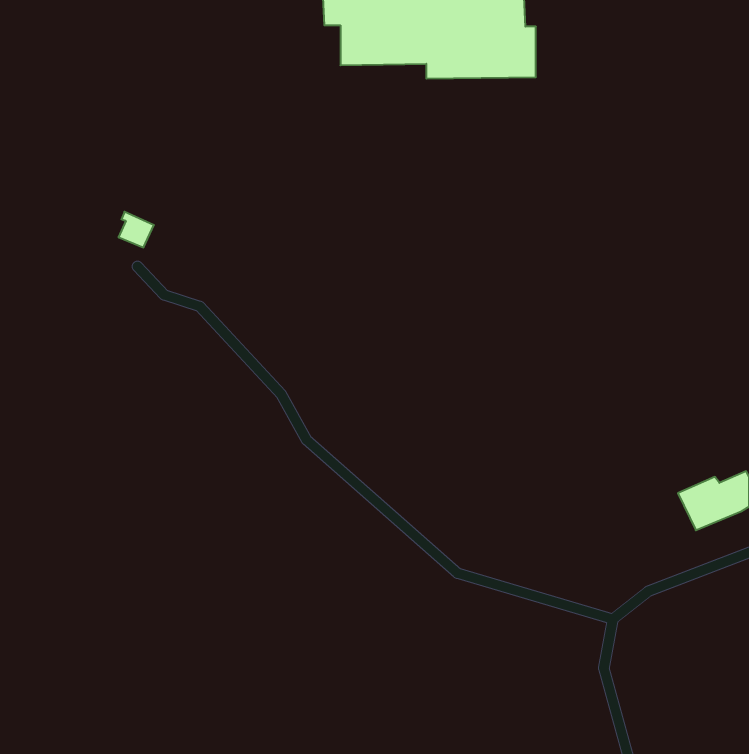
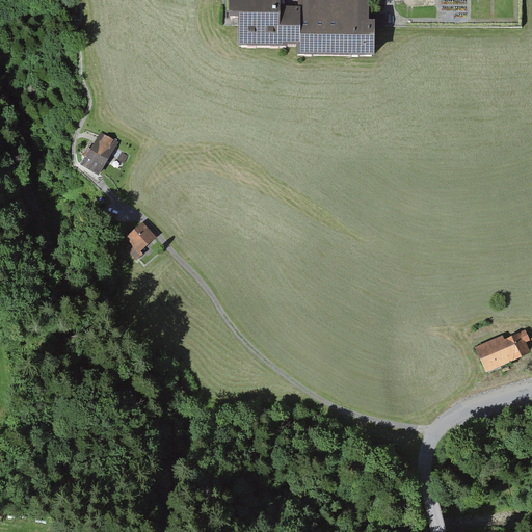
building: none -> [87,132,116,158]
building: none -> [124,221,155,260]

